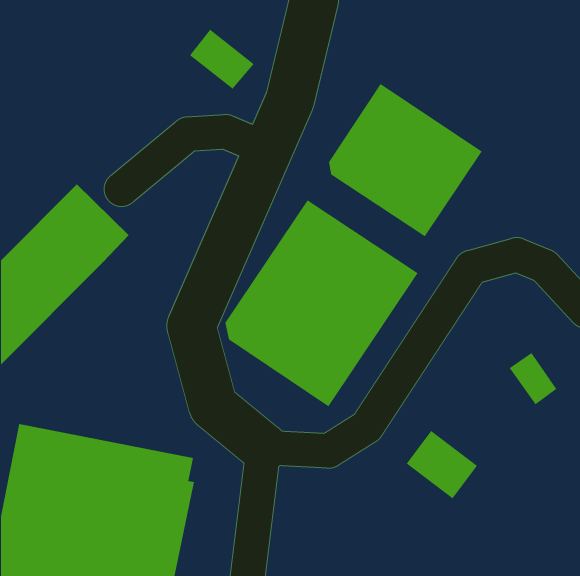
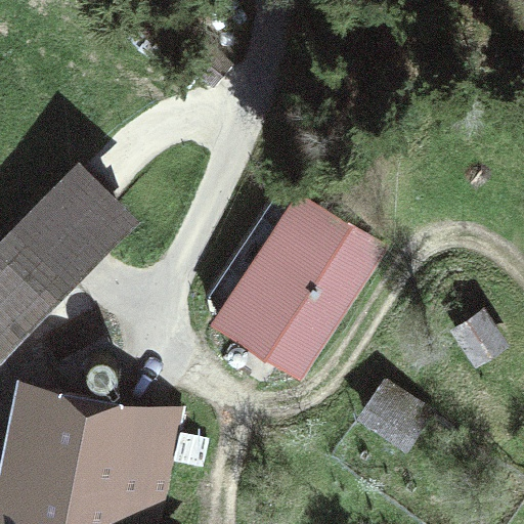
building: [328,83,482,237] -> none

